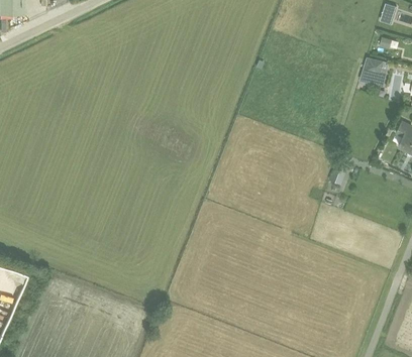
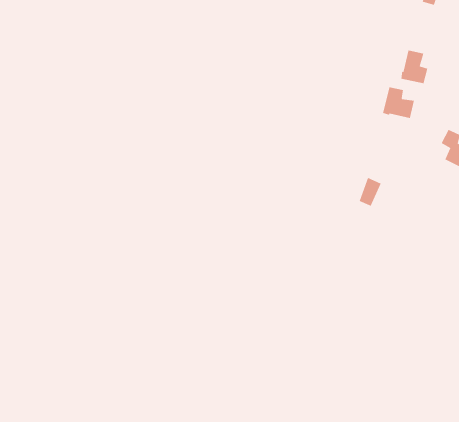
building: none -> [382,86,415,119]

